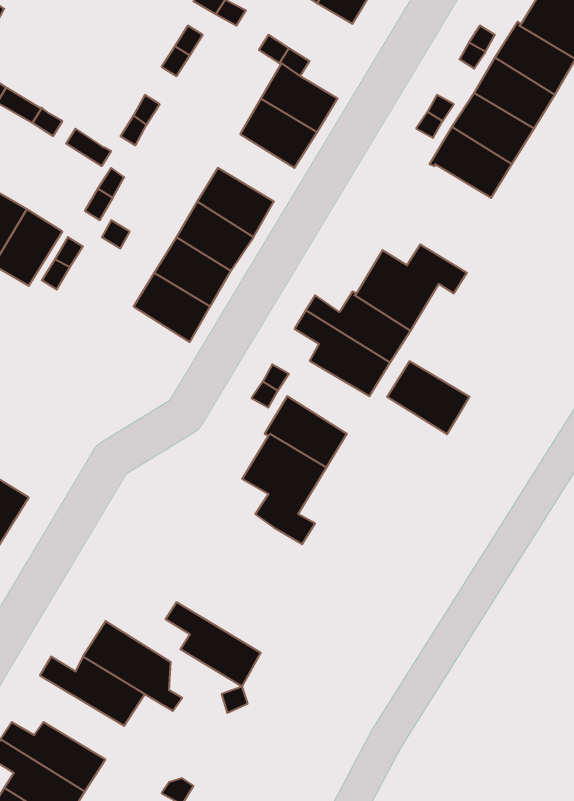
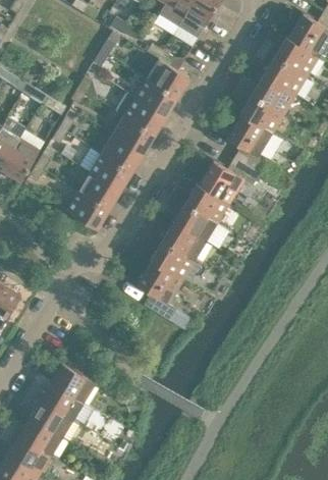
building: none -> [116,91,166,134]
building: none -> [227,113,273,172]
building: none -> [67,191,109,228]
building: [387,361,470,434] -> [162,220,207,260]
building: [165,602,261,687] -> [21,391,73,437]

